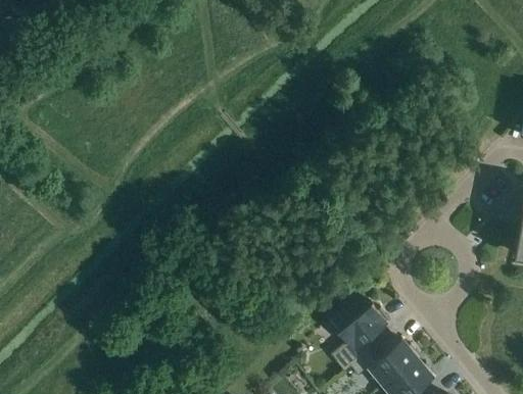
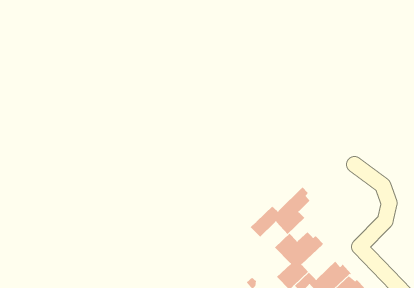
building: none -> [250,186,311,237]

